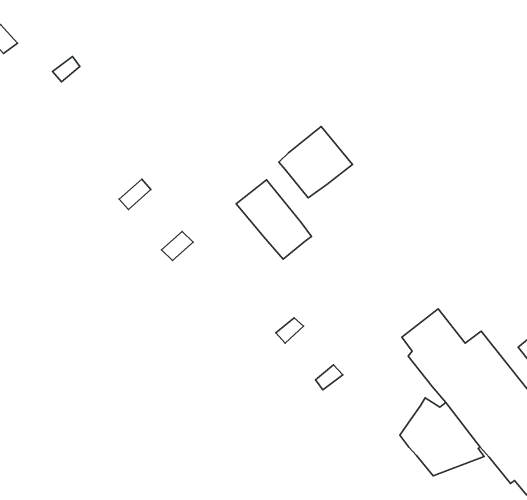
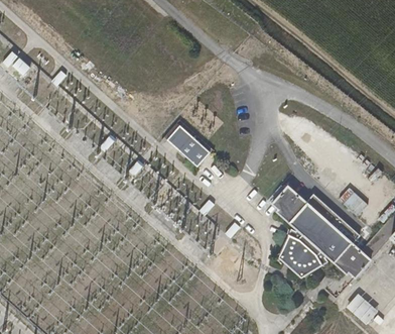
building: [279,126,353,198] -> none

